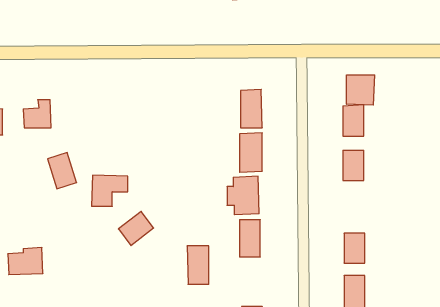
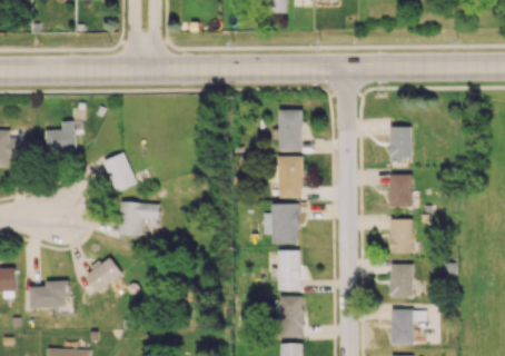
building: [347,75,375,105] -> none
building: [48,153,77,189] -> [105,152,136,191]
building: none -> [389,218,413,253]
building: [118,211,154,246] -> [85,256,122,293]
building: [187,246,209,284] -> [280,296,304,337]

